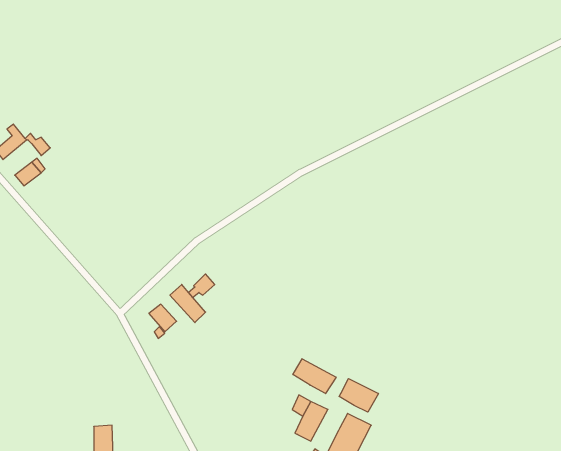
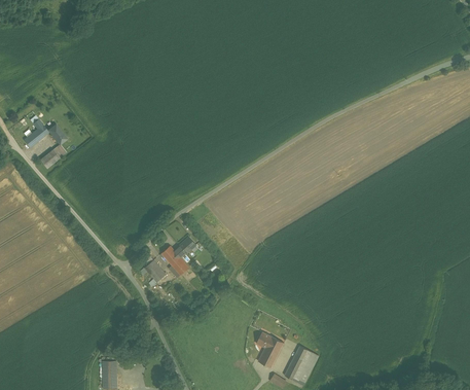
building: [293,359,336,394] -> none
building: [339,379,378,412] -> none

